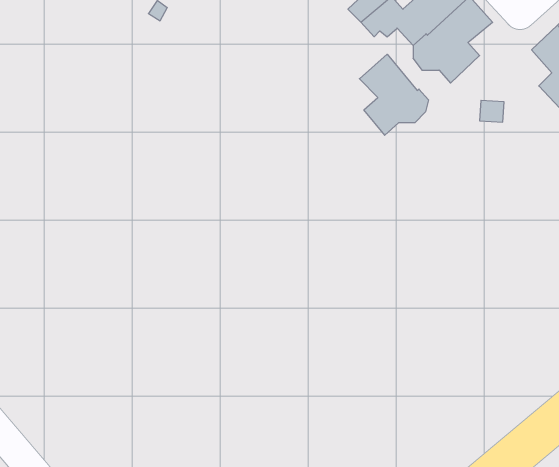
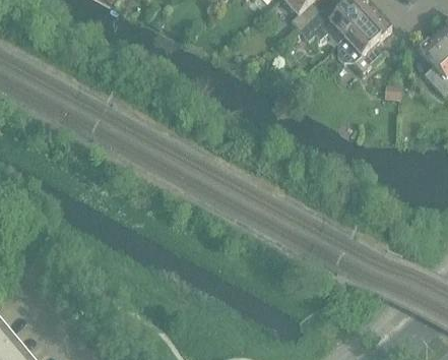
building: [359,54,428,135] -> none

